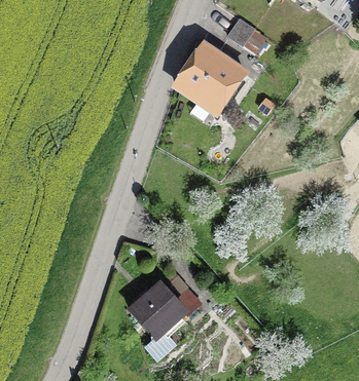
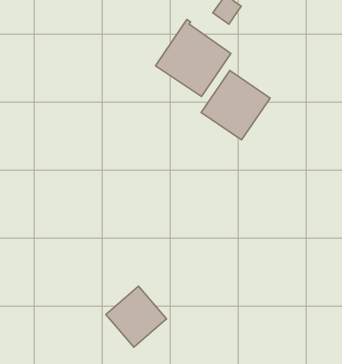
building: none -> [201,70,270,140]

